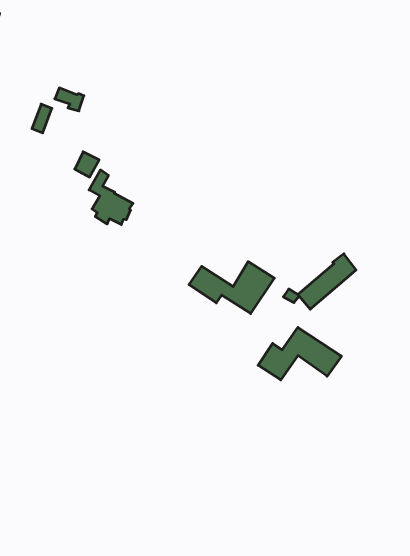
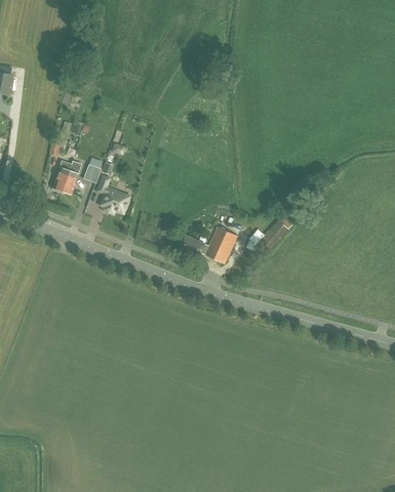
building: none -> [52,160,82,194]
building: [258,327,341,380] -> none

